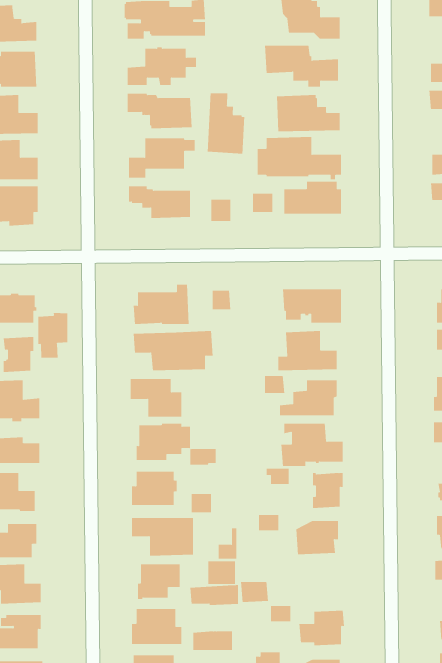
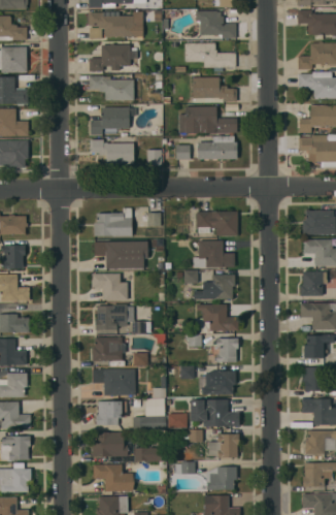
building: [207,93,245,155] -> none
building: [38,312,68,359] -> none
building: none -> [190,399,239,426]

